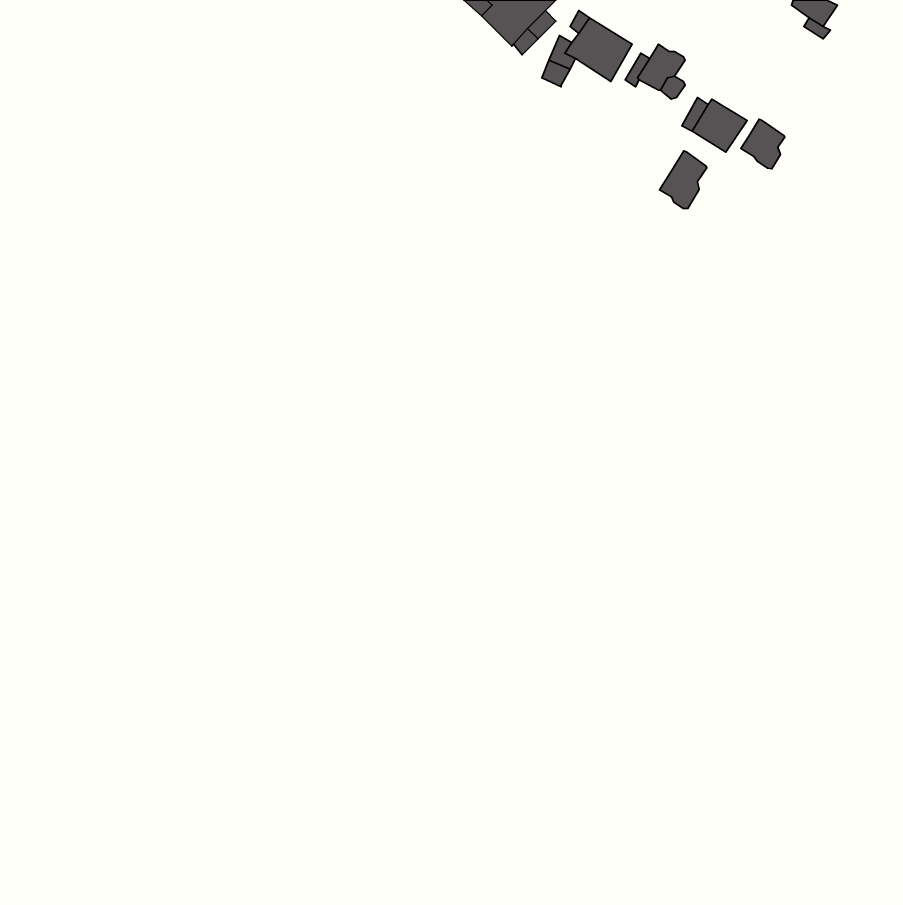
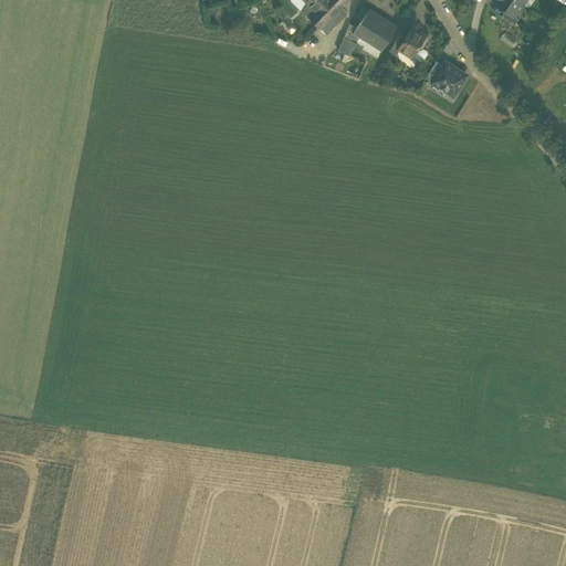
building: [741,119,785,169] -> none
building: [659,151,707,209] -> none

